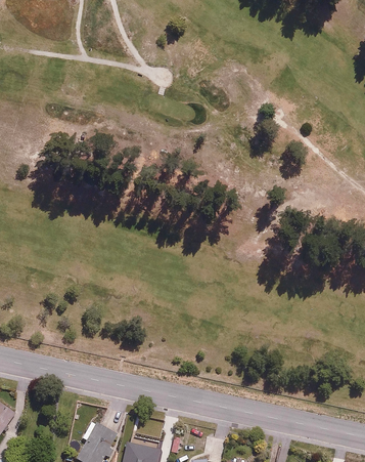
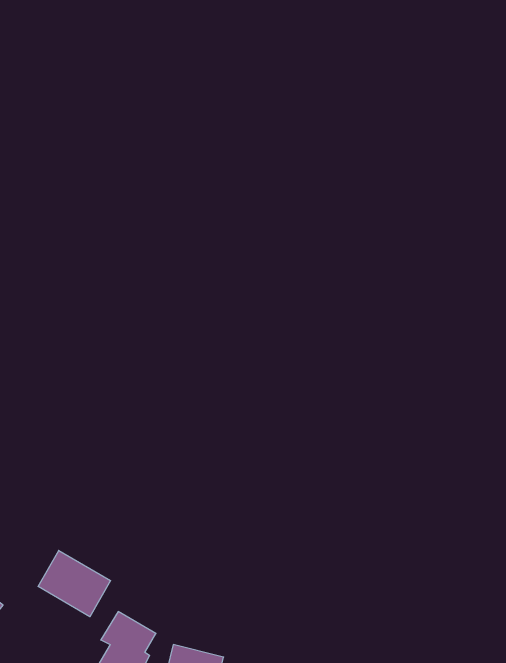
building: none -> [38,550,111,617]

